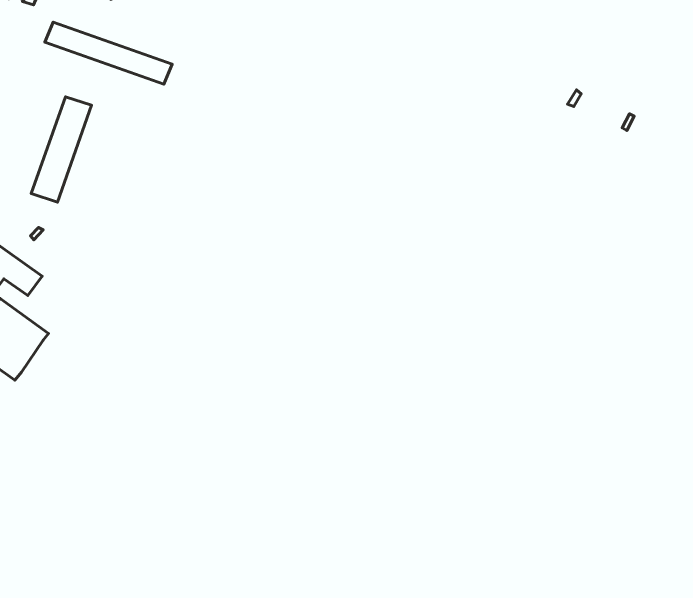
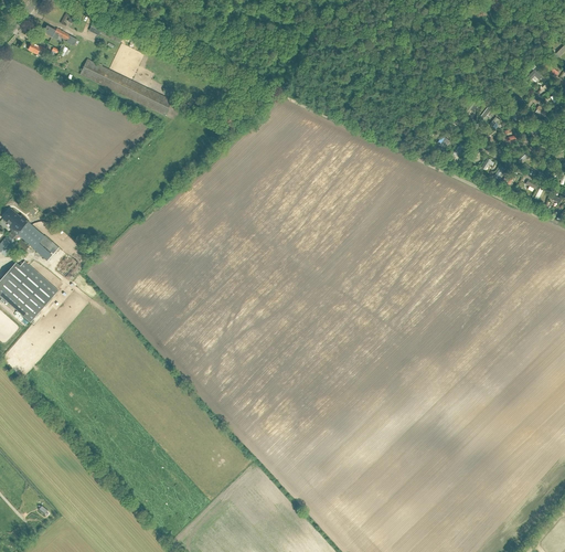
building: [31,97,92,202] -> none

